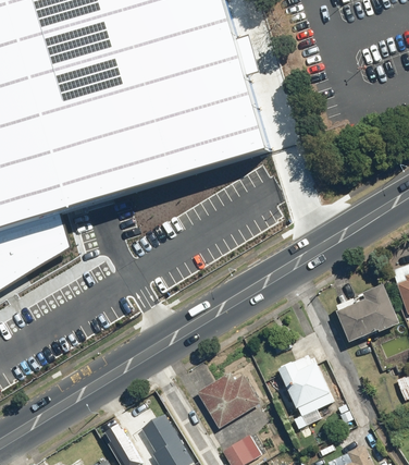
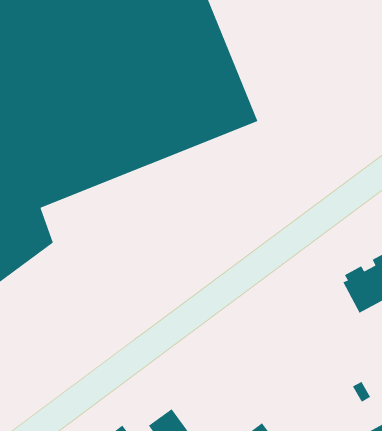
building: [277,351,336,428] -> none
building: [197,372,261,427] -> none

